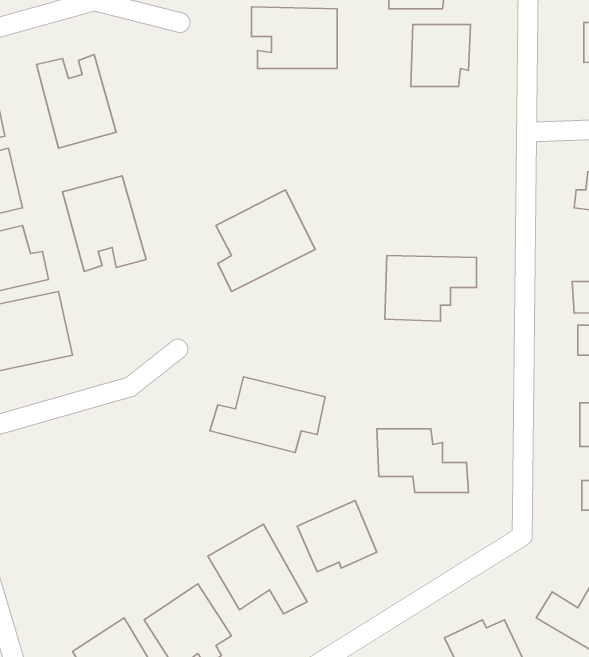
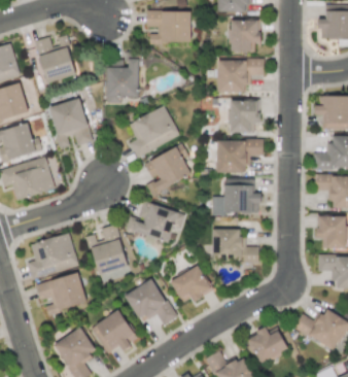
building: none -> [107,59,140,103]
building: none -> [217,60,265,93]
building: none -> [230,100,259,133]
building: none -> [145,144,193,195]
building: none -> [212,184,260,214]
building: none -> [89,224,128,275]
building: none -> [28,233,78,278]
building: none -> [36,273,88,314]

